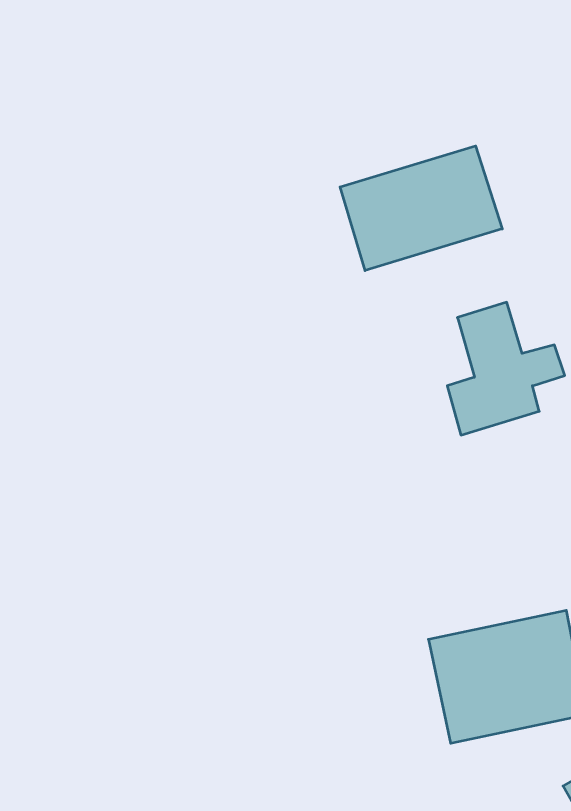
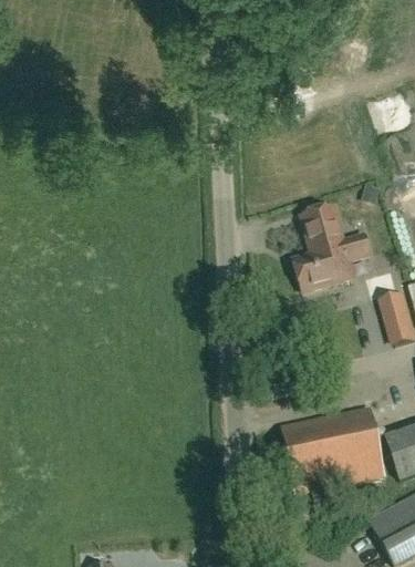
building: [340,146,502,271] -> none

